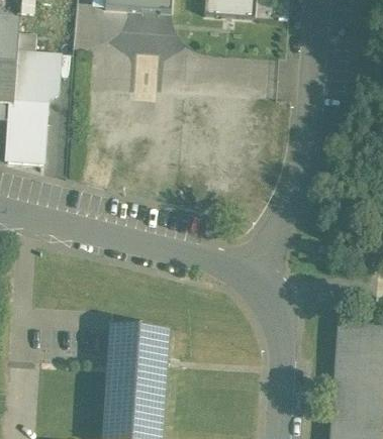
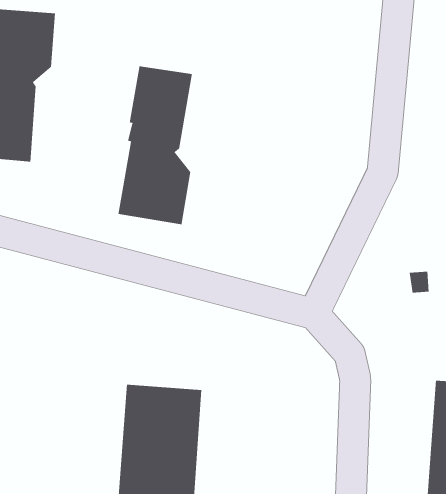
building: none -> [118,65,193,225]

